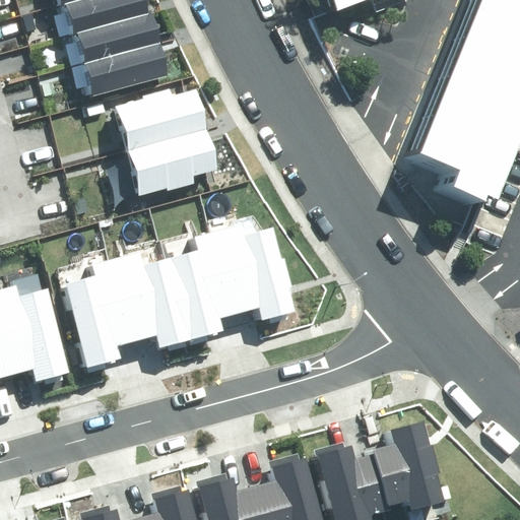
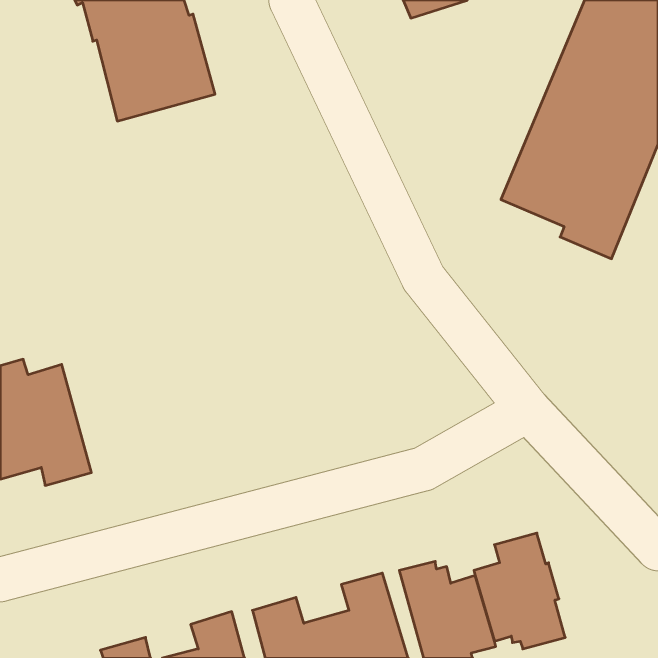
building: [116,87,217,195] -> none
building: [65,222,296,369] -> none

